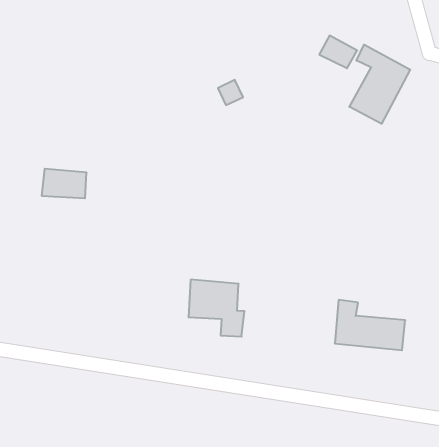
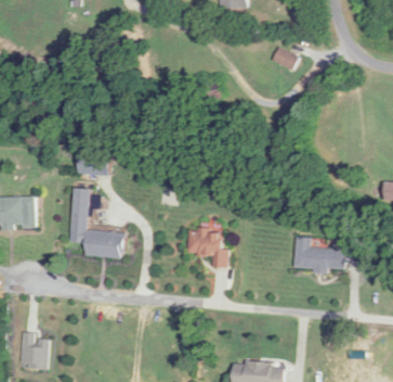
building: [349,45,410,124] -> none
building: none -> [70,188,126,258]

